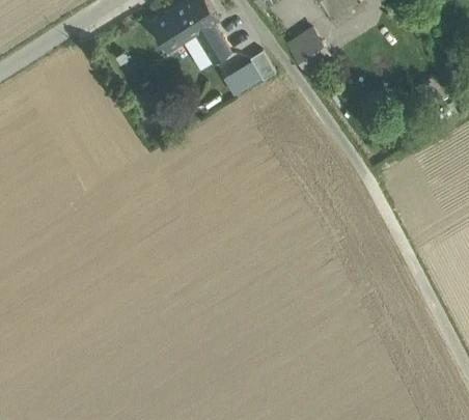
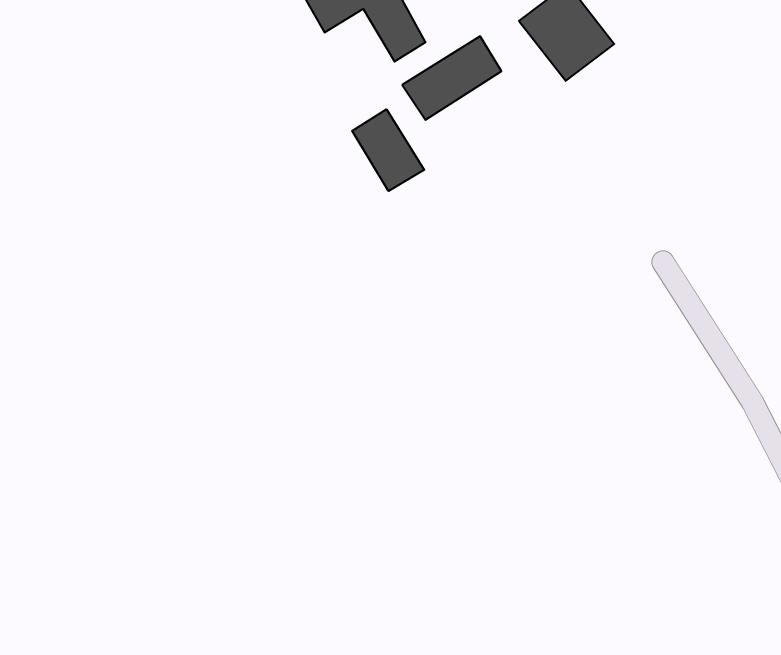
building: none -> [352,109,424,191]

